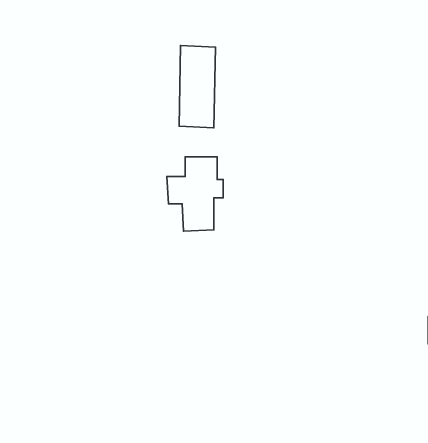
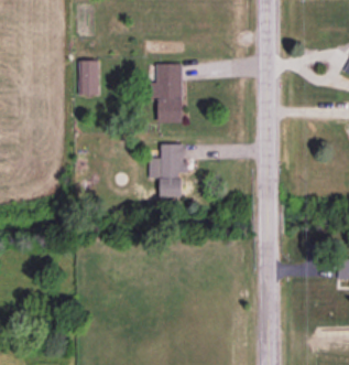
building: none -> [78,61,96,95]

